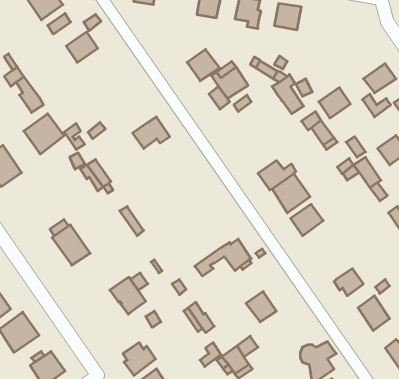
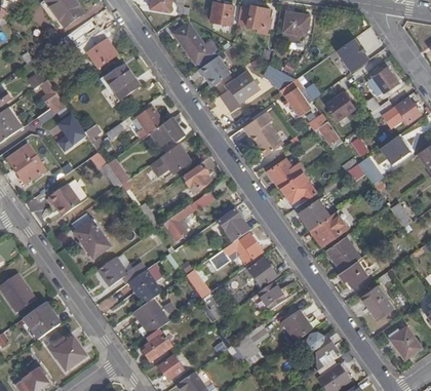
building: none -> [174,24,217,63]
building: none -> [337,38,369,72]
building: none -> [105,65,140,99]
building: none -> [134,107,164,138]
building: none -> [245,115,284,155]
building: none -> [150,145,191,175]
building: none -> [183,166,210,193]
building: none -> [49,185,80,216]
building: none -> [164,192,213,239]
building: none -> [219,208,249,241]
building: none -> [310,211,348,245]
building: none -> [326,236,361,271]
building: none -> [99,257,145,285]
building: none -> [248,258,278,286]
building: none -> [133,299,168,335]
building: none -> [282,310,312,340]

